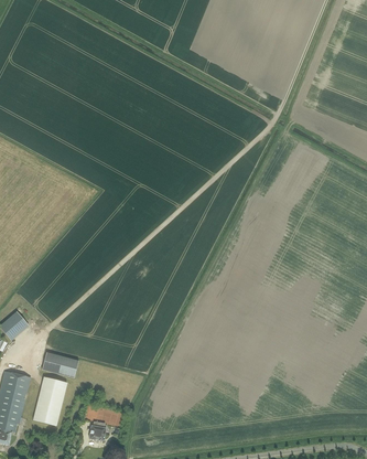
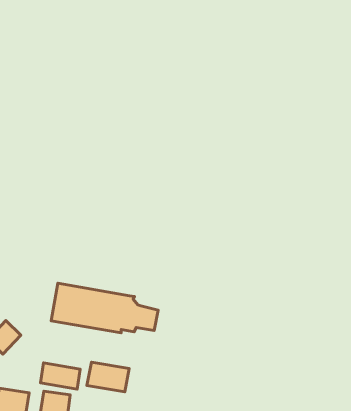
building: none -> [51,283,158,333]
building: none -> [87,362,129,392]

